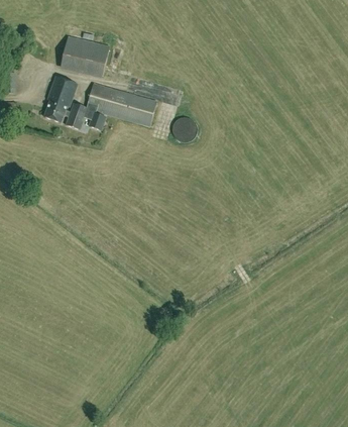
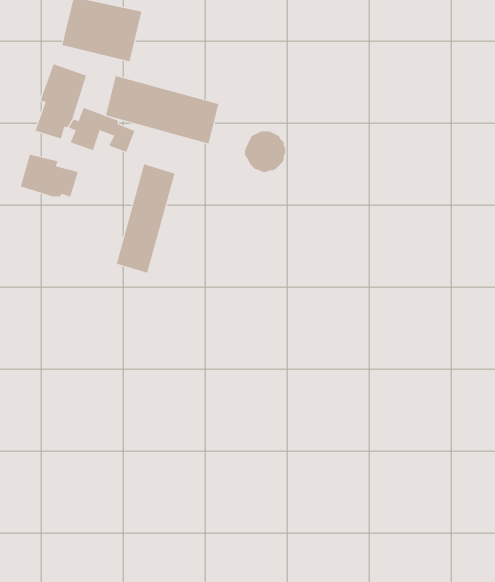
building: none -> [20,154,79,197]
building: none -> [116,163,175,274]

